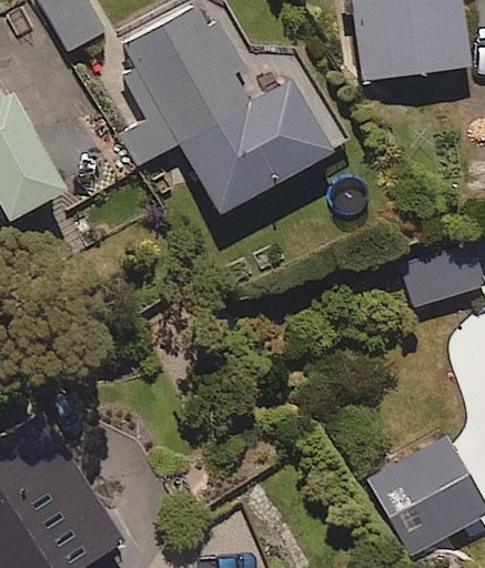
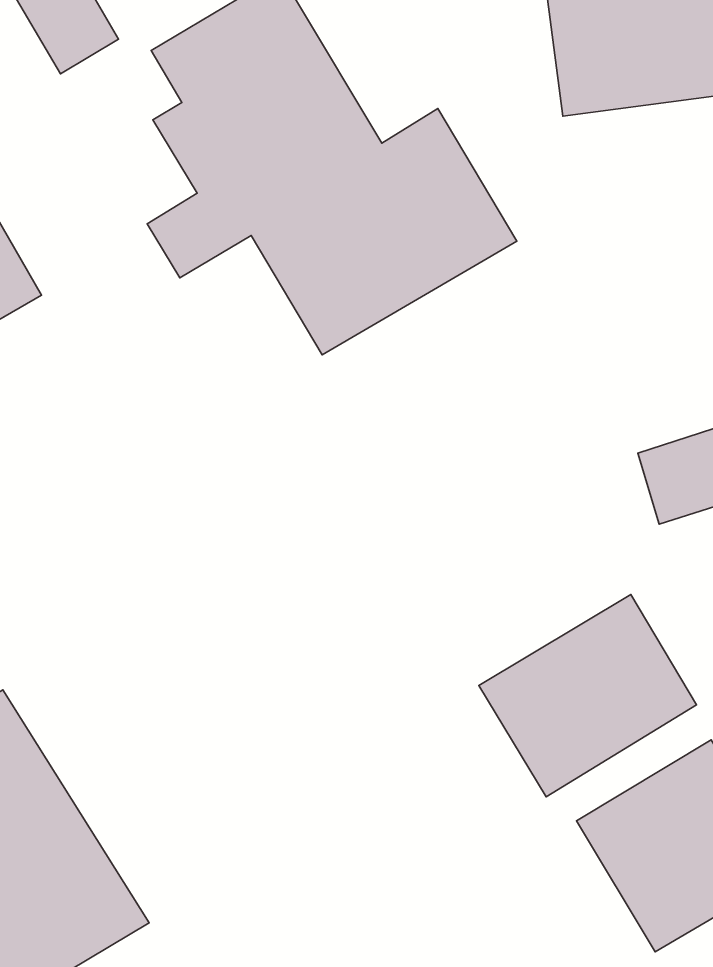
building: none -> [479,594,697,797]

